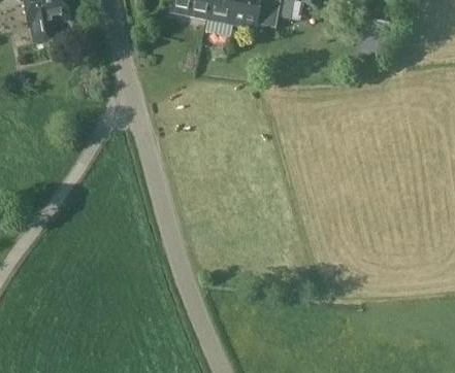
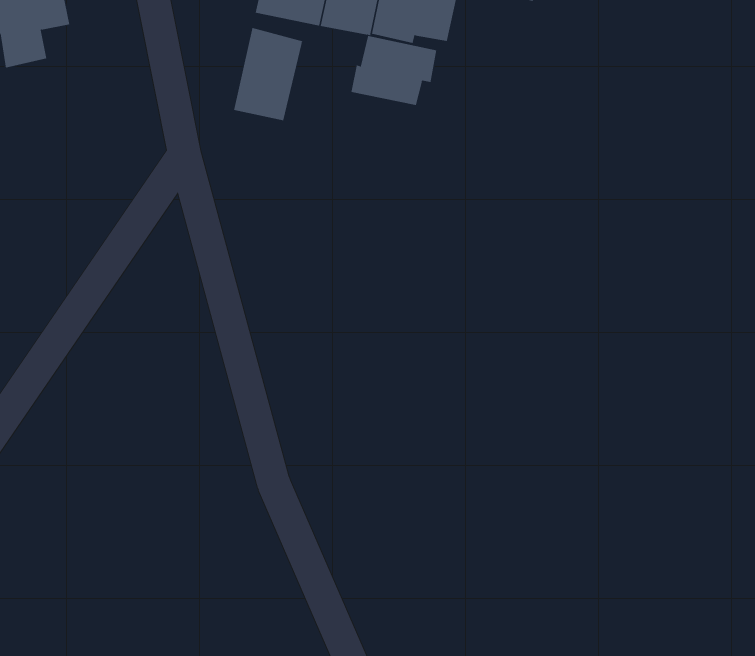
building: none -> [233,27,303,121]
building: none -> [351,35,437,106]

